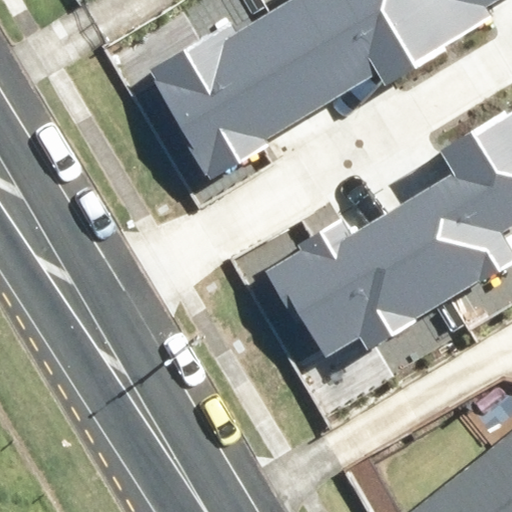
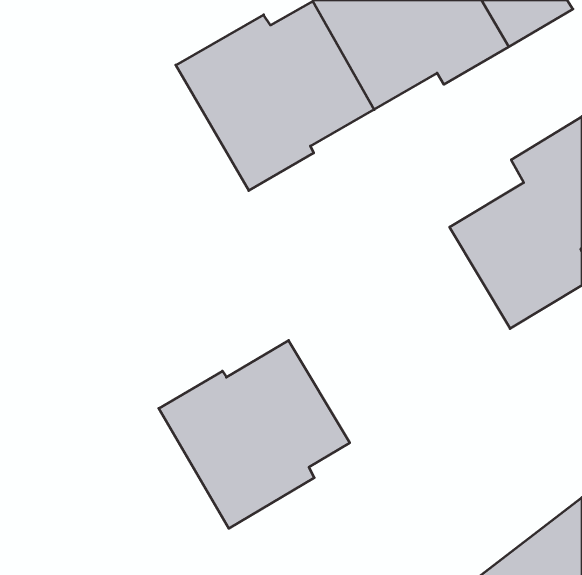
building: [273,206,447,354] -> none
building: none -> [159,340,350,528]

